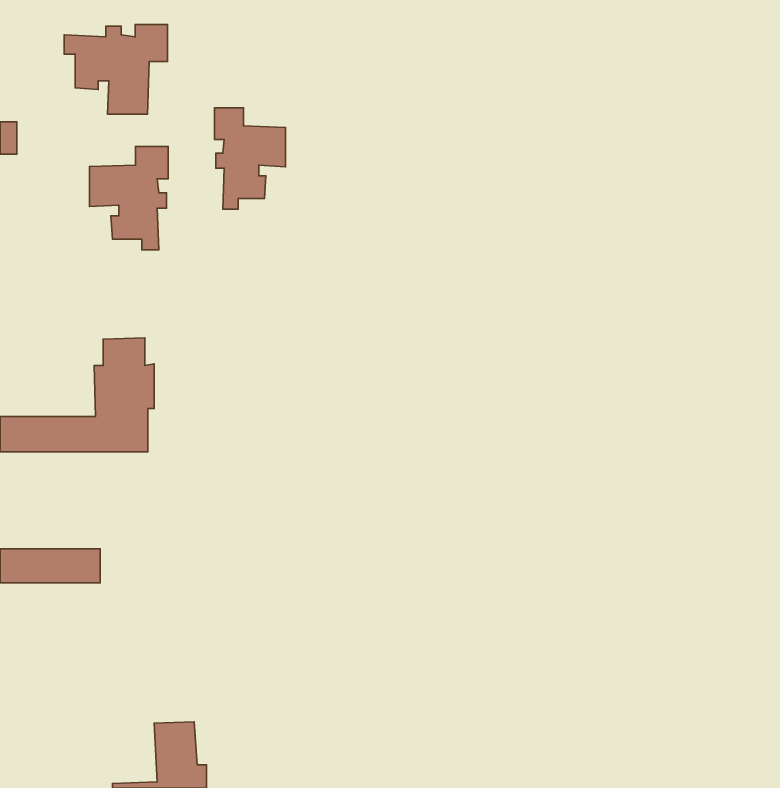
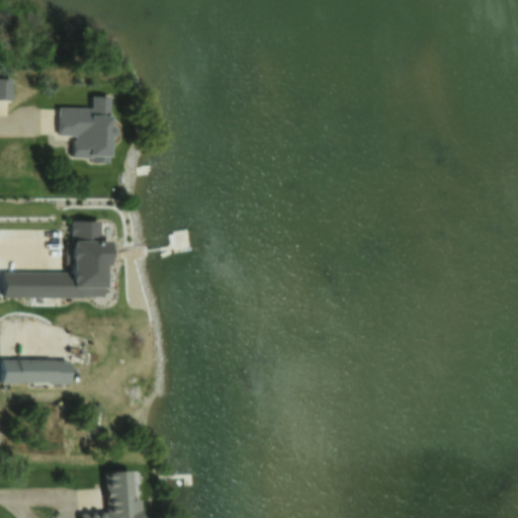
building: [64,24,168,114] -> none
building: [214,108,285,209] -> none

